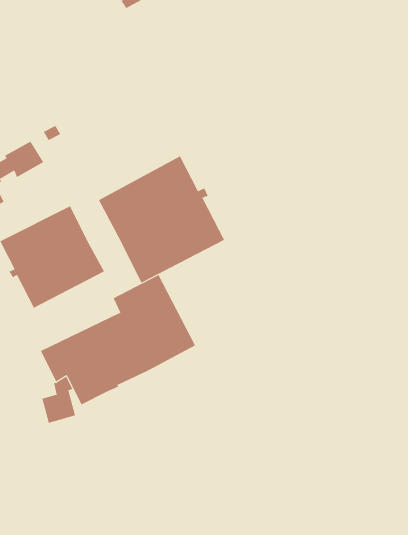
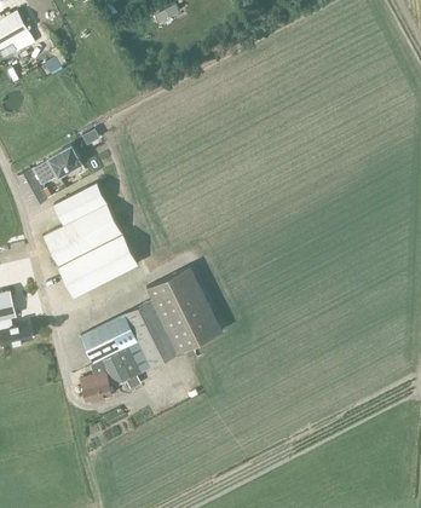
building: [98,155,225,283] -> none
building: none -> [53,181,106,224]

